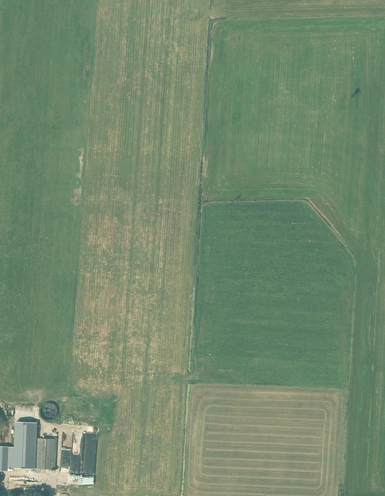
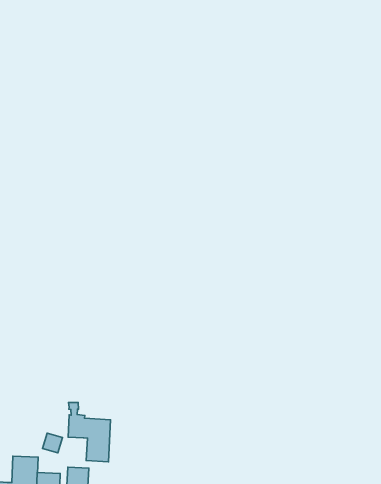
building: none -> [68,403,111,462]

